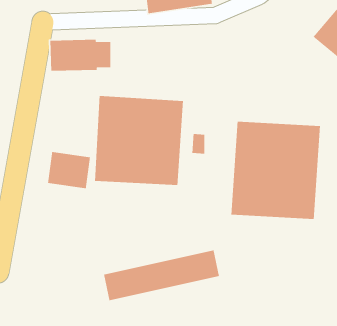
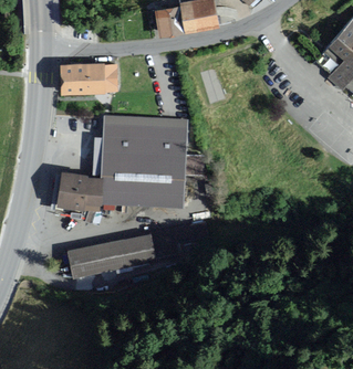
building: [231,121,321,220] -> none
building: [103,250,220,301] -> [71,228,186,278]

